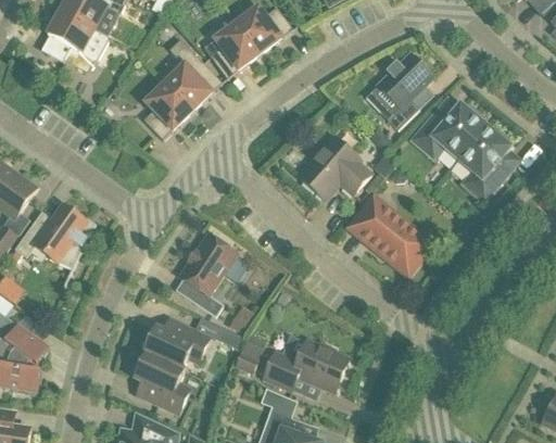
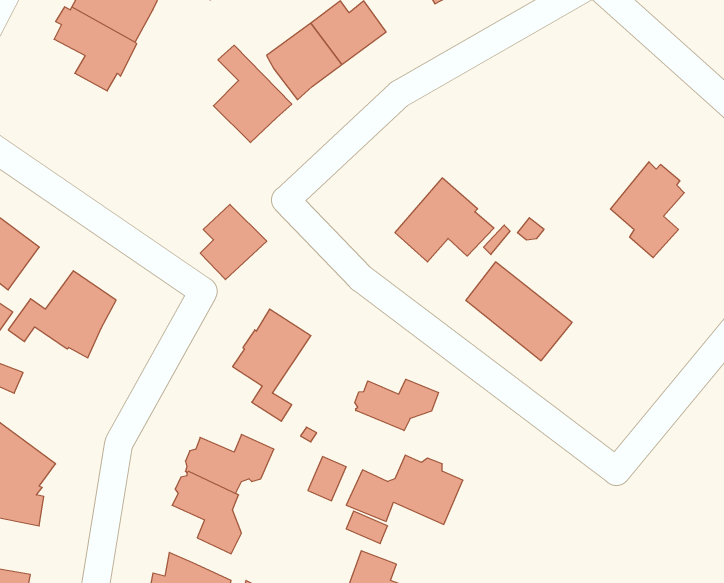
building: [377,52,432,128] -> none
building: [142,83,191,138] -> [200,204,267,280]
building: [415,103,484,159] -> none
building: none -> [355,379,439,431]

